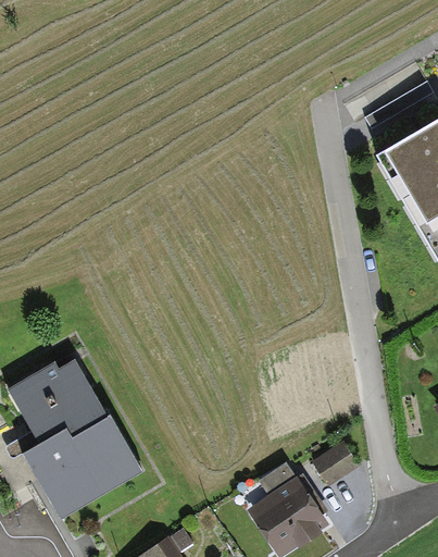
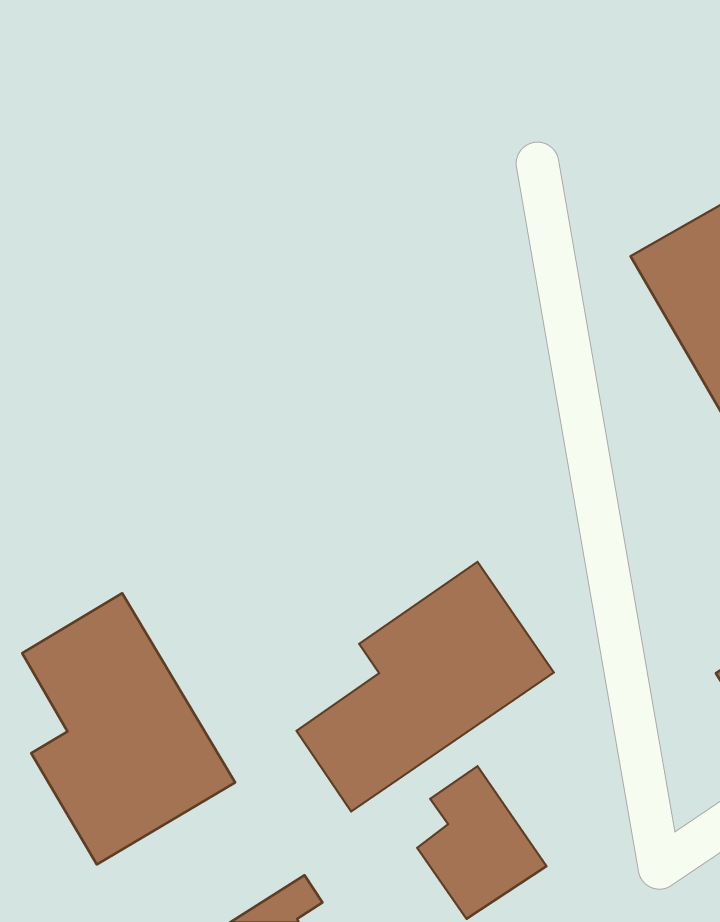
building: none -> [296,562,554,812]
building: [314,438,361,483] -> none

